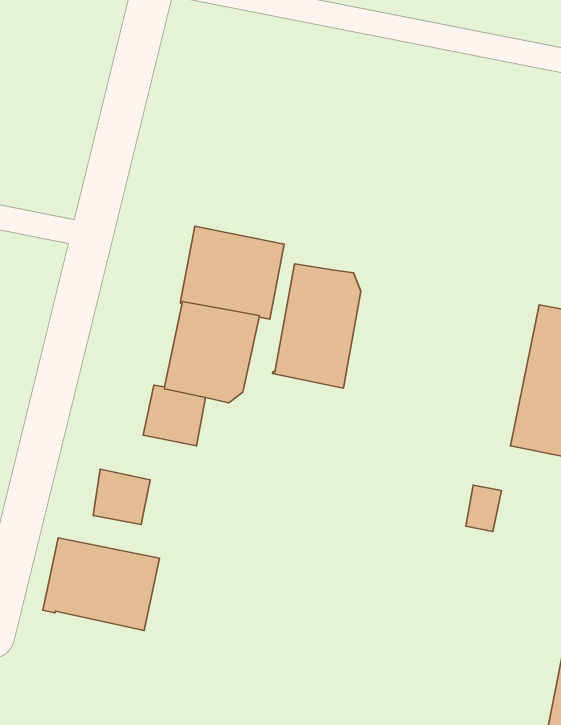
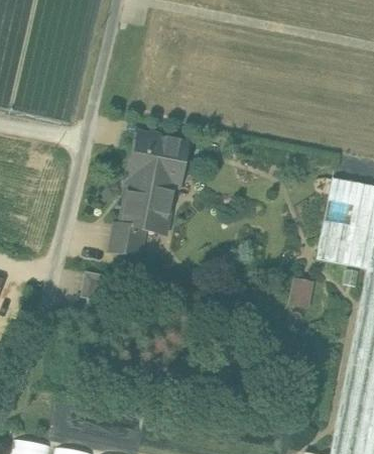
building: [273,264,361,388] -> none
building: [43,538,159,630] -> none

